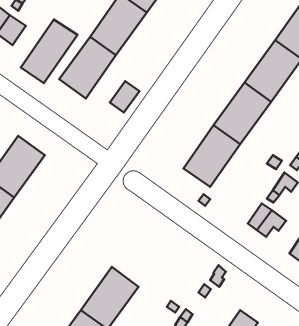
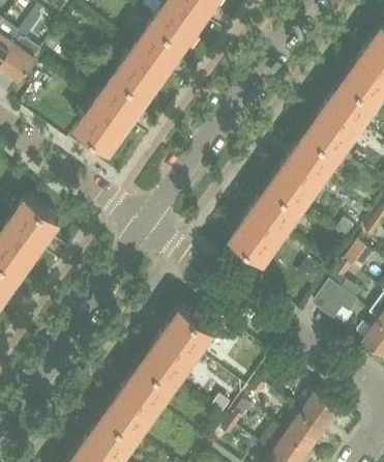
building: [21,19,77,83] -> none
building: [110,81,139,113] -> none
building: none -> [143,308,214,385]
building: none -> [302,394,339,430]

